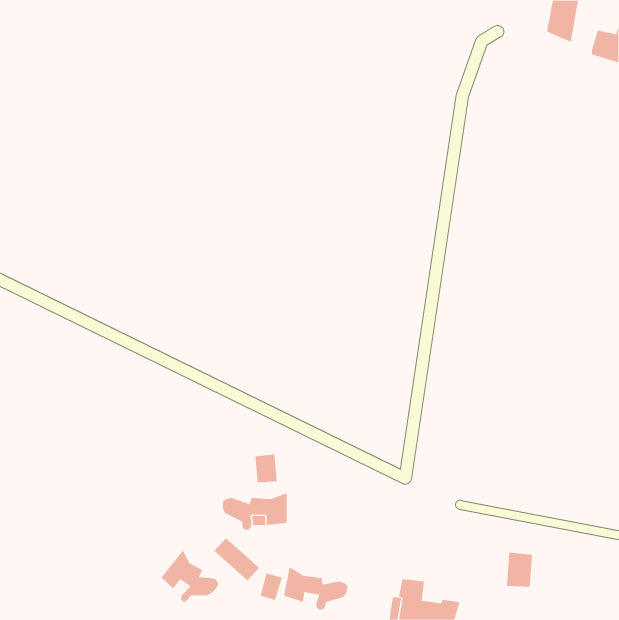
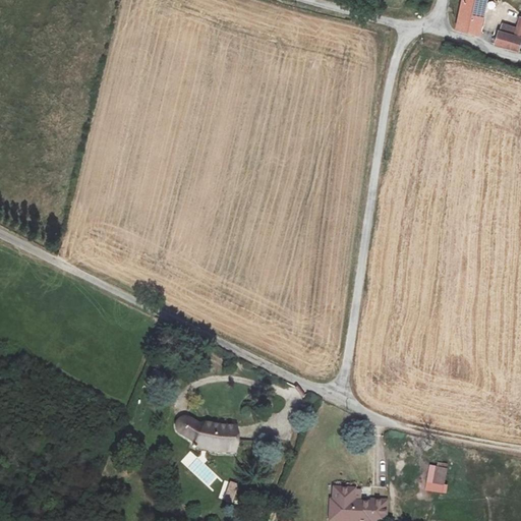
building: [255,453,277,483] -> none
building: [161,550,219,602] -> none
building: [283,566,348,611] -> none

